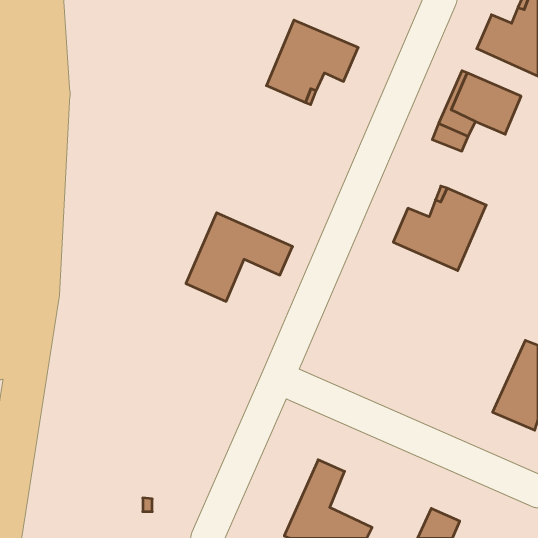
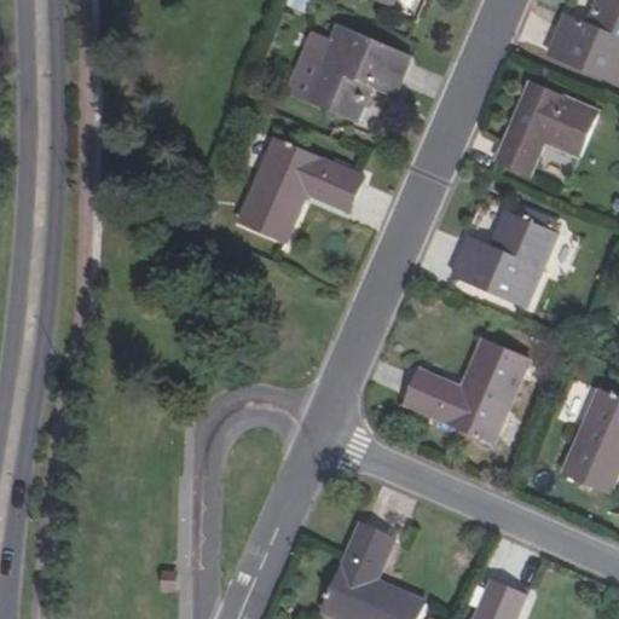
building: [186,213,293,301] -> [241,138,363,239]
building: none -> [404,340,526,441]

